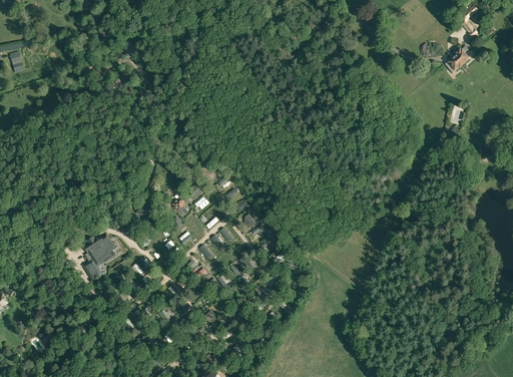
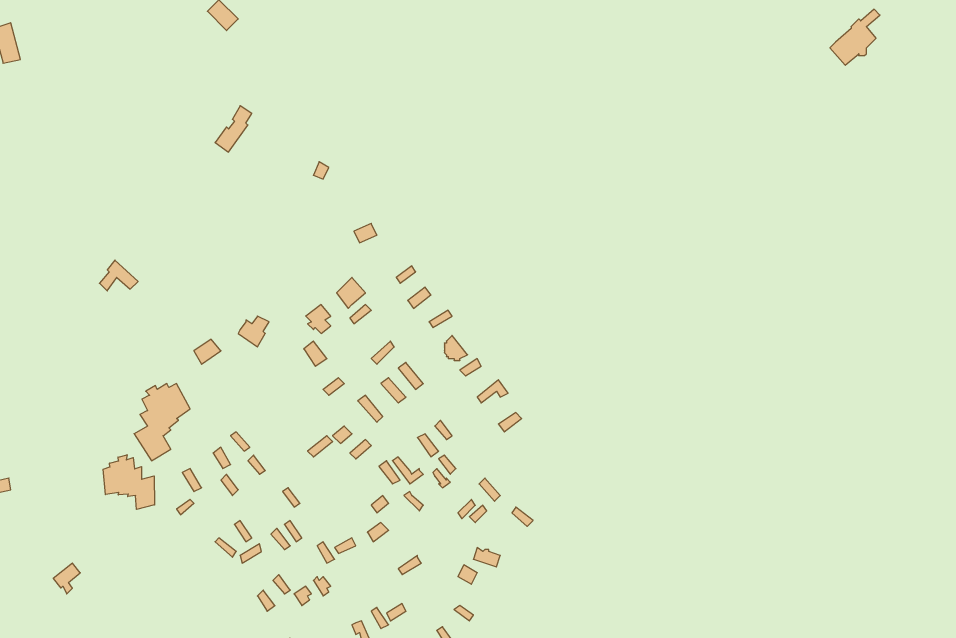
building: none -> [103,455,155,509]

